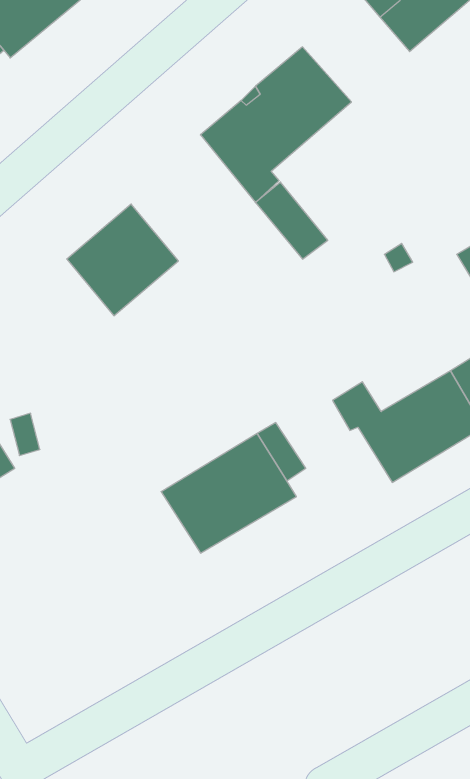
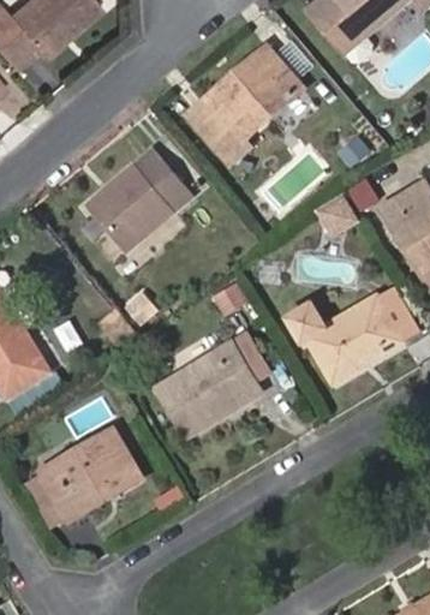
building: [255,182,328,259] -> [135,153,190,211]
building: none -> [41,430,139,519]

